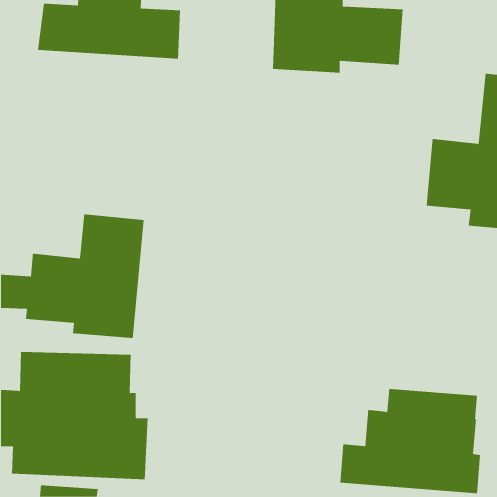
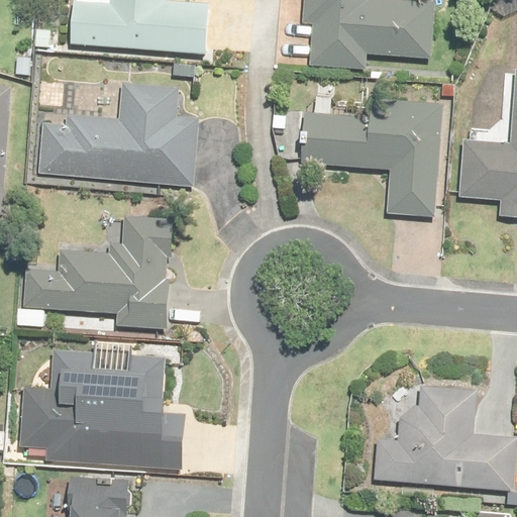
building: none -> [314,72,451,203]
building: none -> [21,92,180,192]

